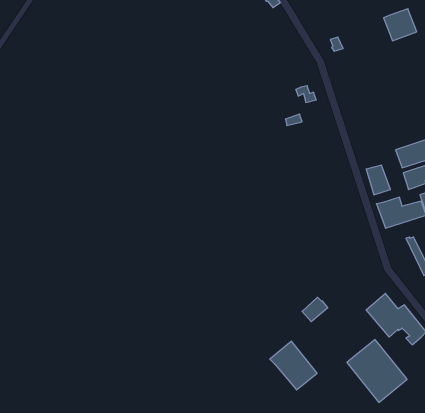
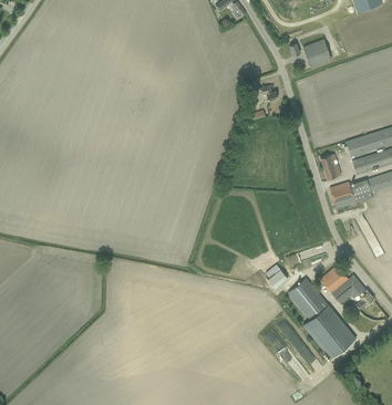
building: [384,9,417,41] -> [302,39,331,66]
building: [270,341,317,390] -> [287,277,328,319]

